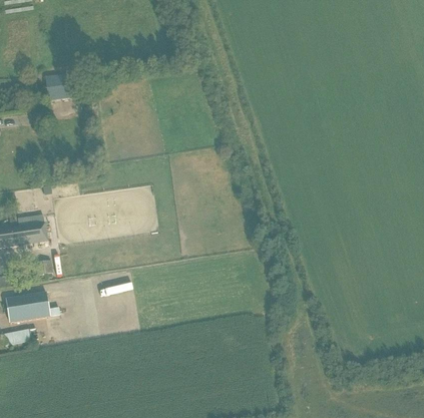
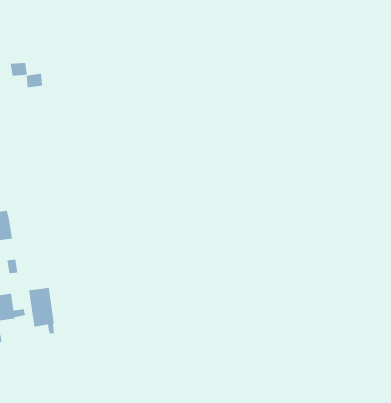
building: none -> [29,287,55,334]

